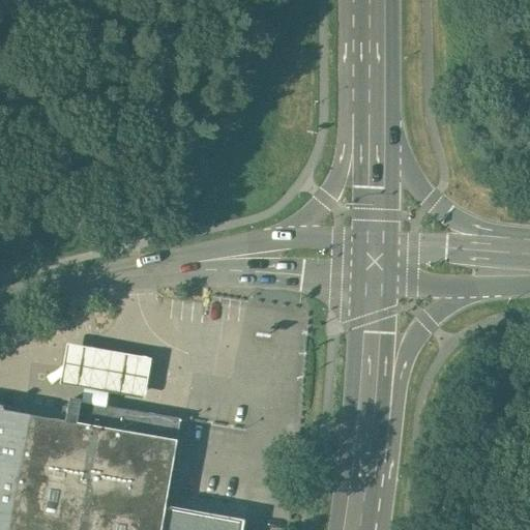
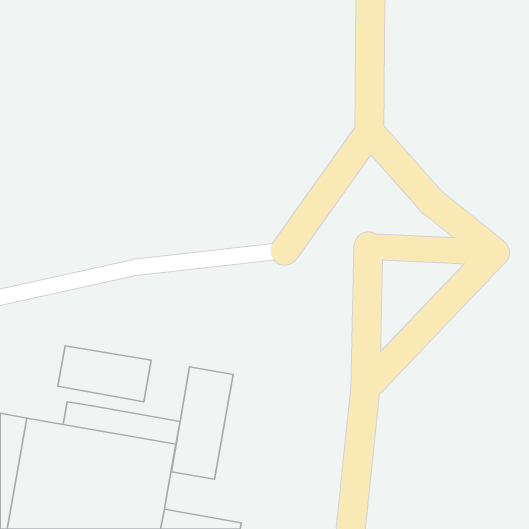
building: none -> [172,367,233,479]

